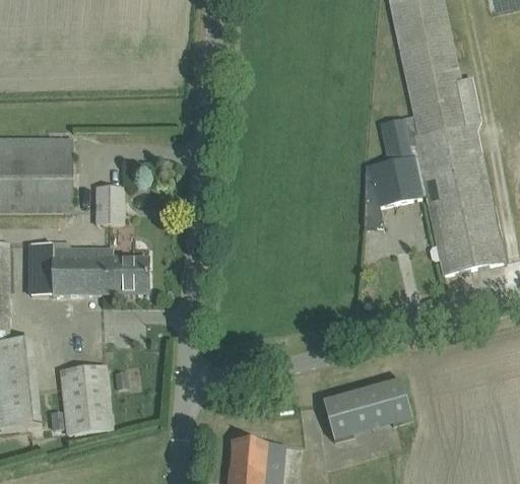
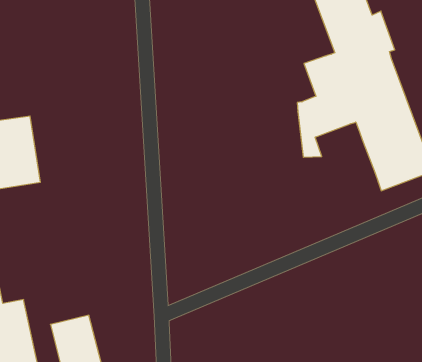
building: [96,188,123,223] -> none
building: [30,244,148,294] -> none
building: [321,378,412,442] -> none

